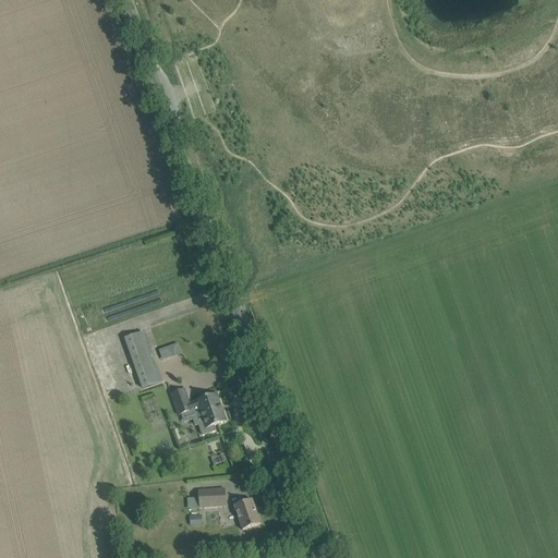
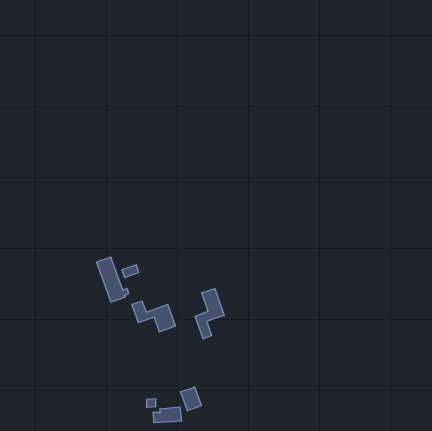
building: none -> [195,289,224,339]
building: [189,486,226,506] -> [153,407,182,423]

